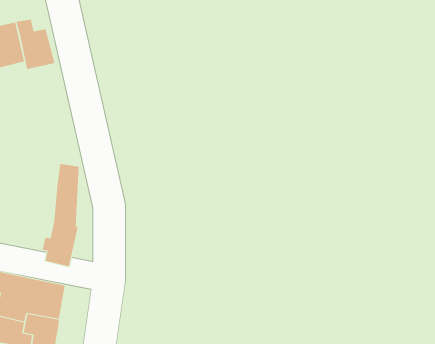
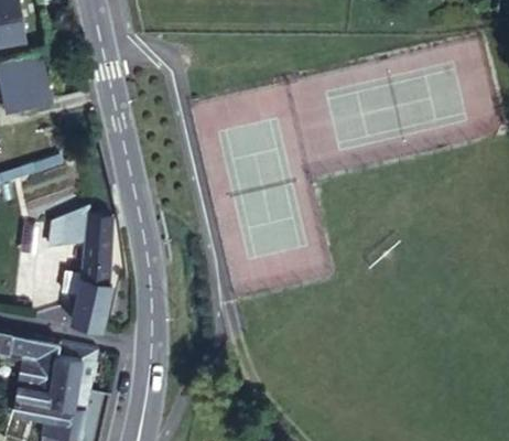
building: [16,19,55,70] -> none
building: none -> [51,207,90,249]

